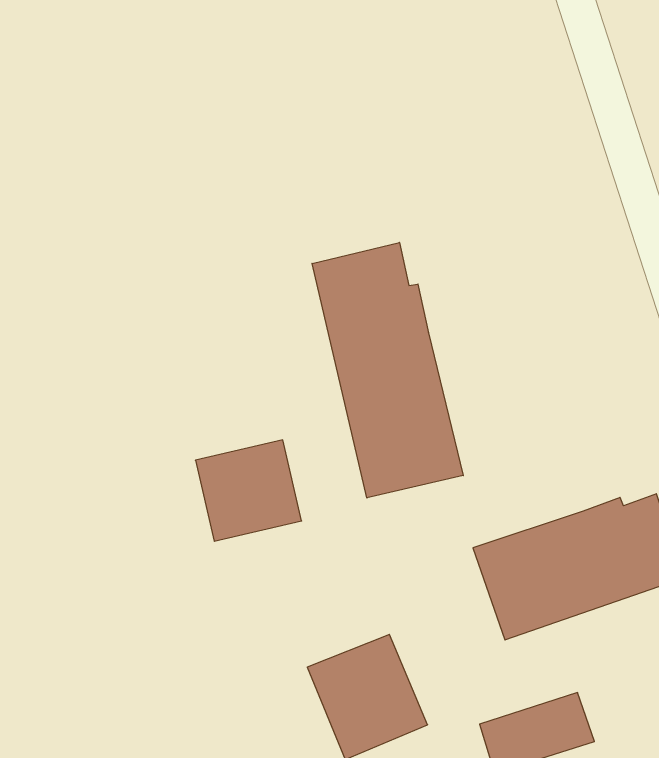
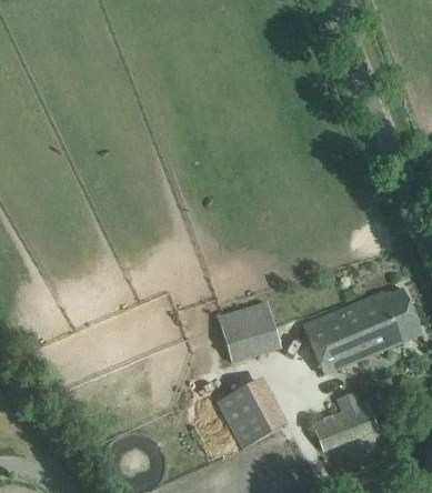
building: [312,242,463,498] -> none
building: [195,440,302,541] -> [219,302,280,361]

